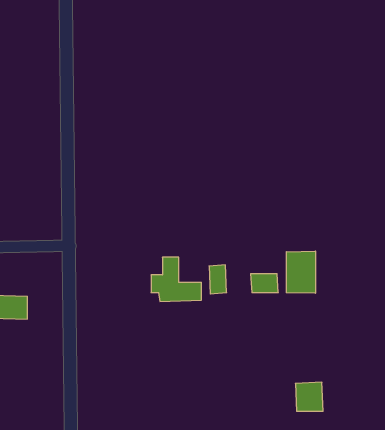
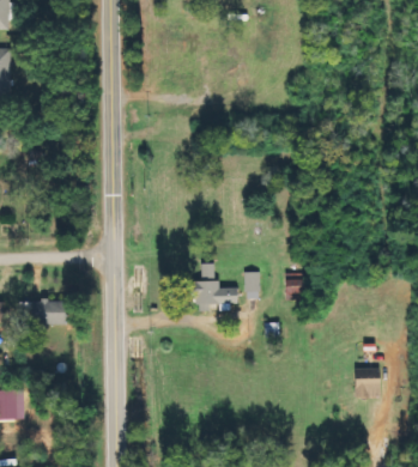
building: [286,251,315,293] -> none
building: [295,382,323,411] -> [356,368,382,395]

